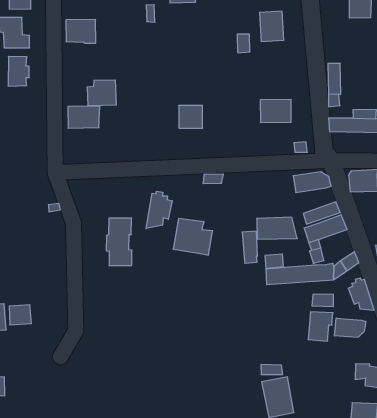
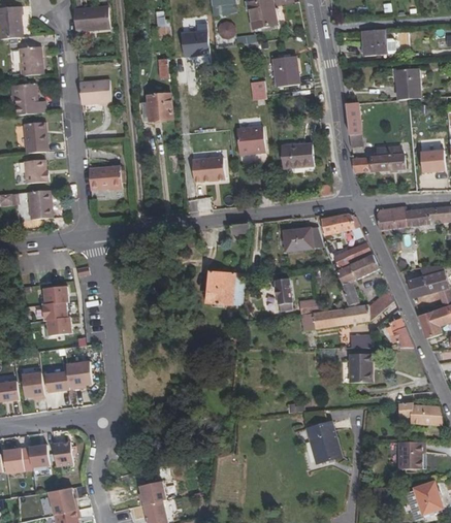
building: none -> [236,125,265,154]
building: [87,80,116,106] -> [141,93,172,121]
building: none -> [24,159,49,183]
building: none -> [28,189,53,219]
building: [146,191,172,229] -> none
building: [257,217,297,239] -> [282,226,324,251]
building: [106,218,132,266] -> [43,285,71,334]
building: none -> [66,361,91,389]
building: [335,318,366,337] -> none
building: none -> [53,440,72,465]

